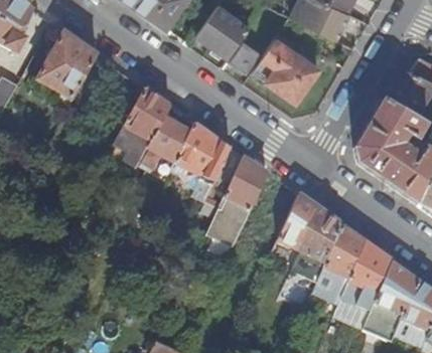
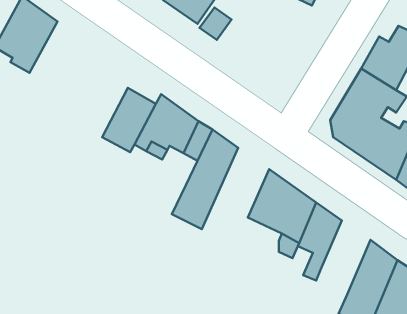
building: [252,38,318,102] -> none
building: [115,87,169,163] -> none
building: [340,241,392,311] -> none

